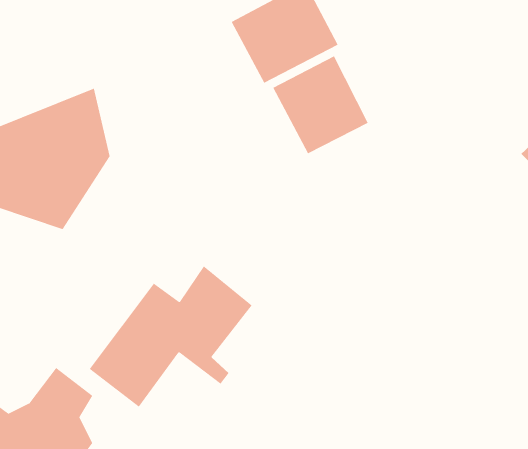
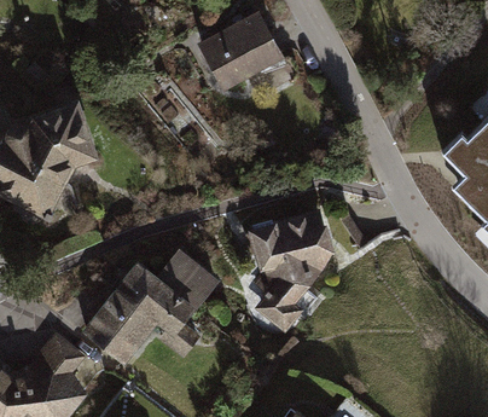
building: [273,55,368,154] -> none
building: none -> [245,207,335,335]

